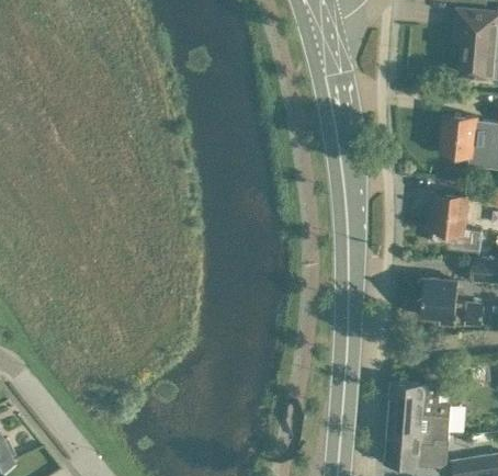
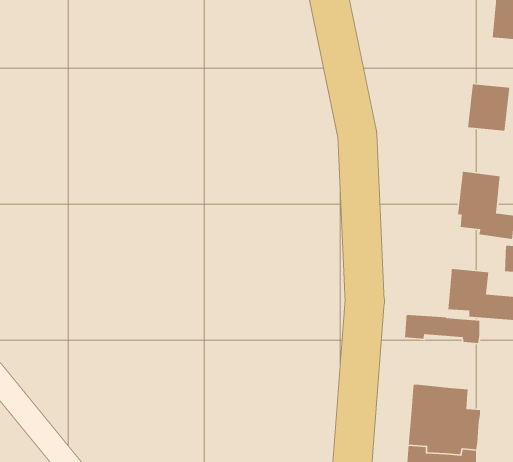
building: none -> [404,314,480,344]

